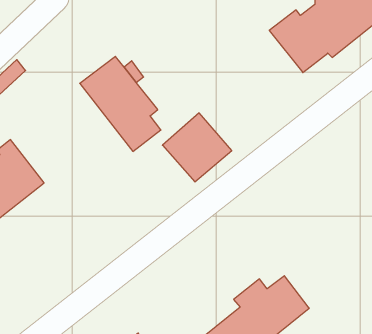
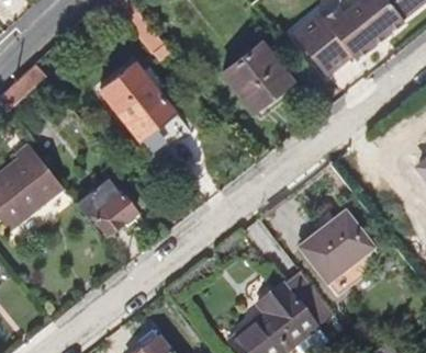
building: [162,113,232,182] -> [221,41,291,111]
building: none -> [77,178,136,234]
building: none -> [303,214,374,284]

